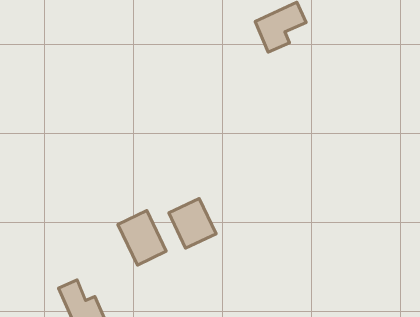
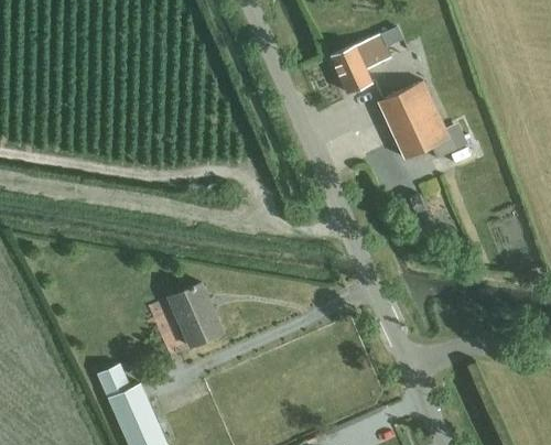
building: none -> [378,79,451,159]
building: [169,199,216,248] -> none

